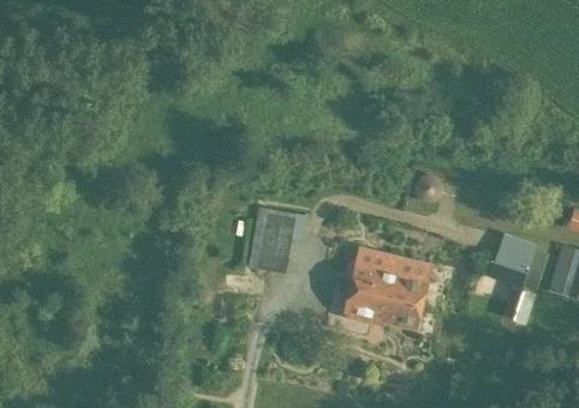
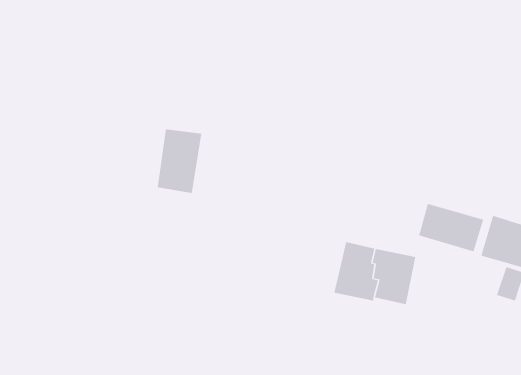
building: [250,203,296,268] -> [157,129,202,193]
building: none -> [418,203,484,252]

